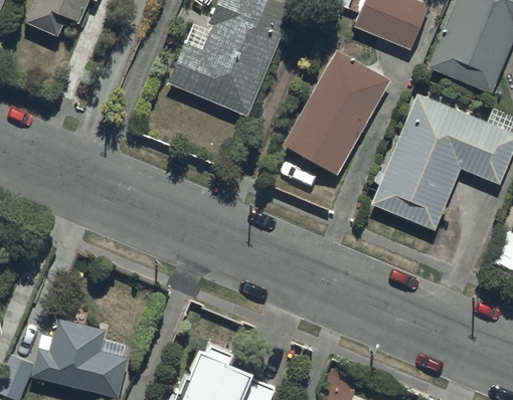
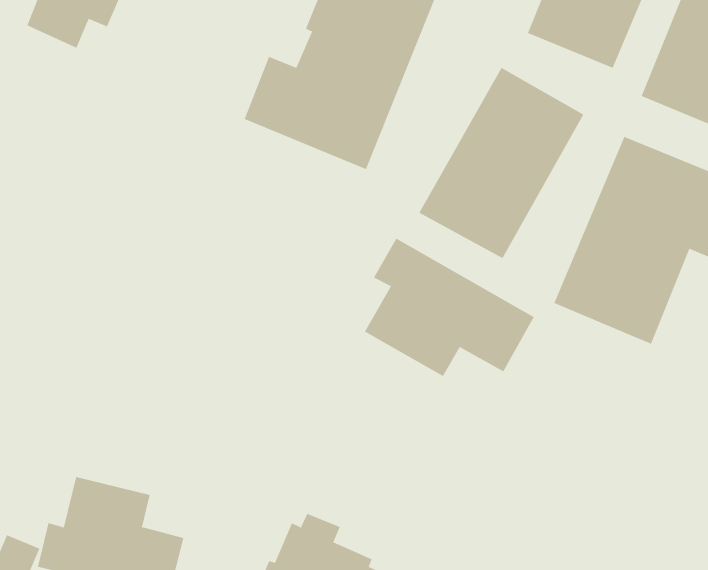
building: none -> [364,238,535,377]

